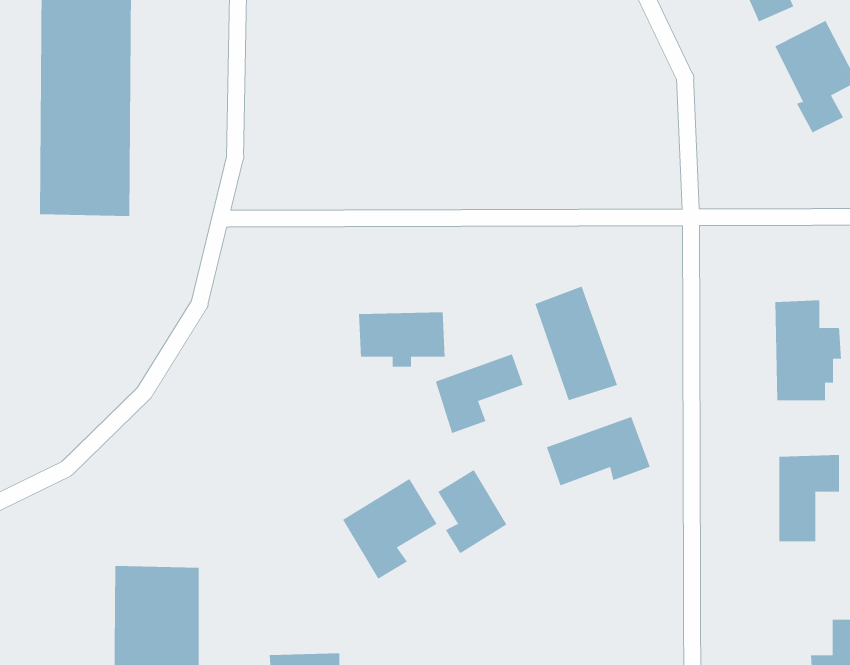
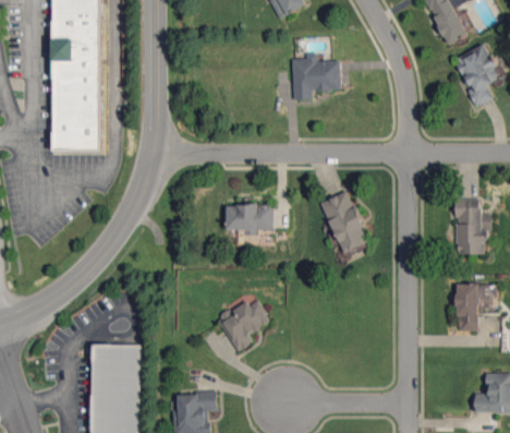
building: none -> [291,52,340,99]
building: [435,353,524,434] -> none
building: [546,416,650,486] -> none
building: [437,469,507,554] -> none

